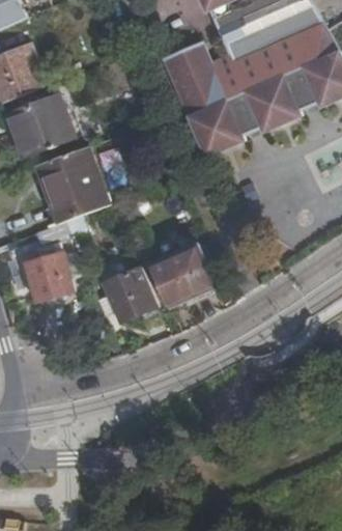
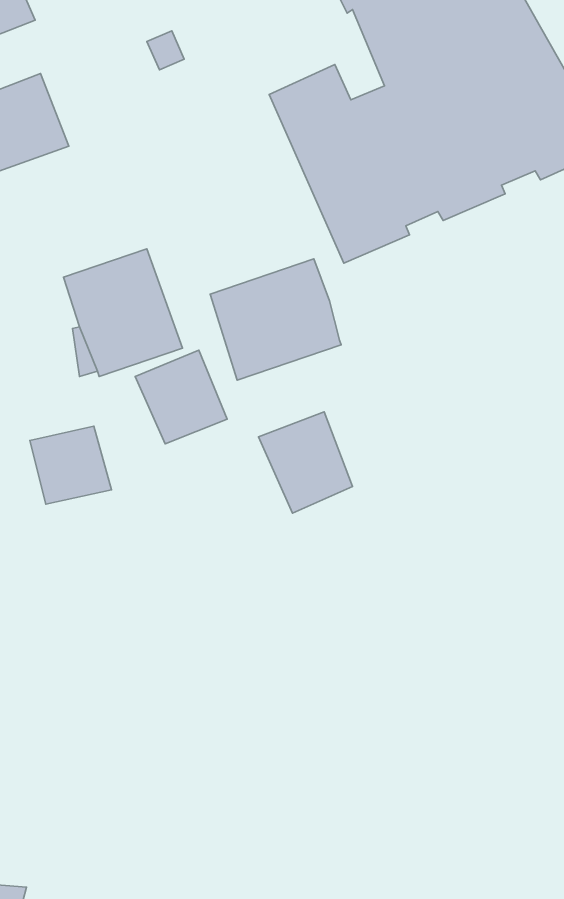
building: [9,95,81,156] -> none
building: none -> [210,259,341,380]
building: [97,266,151,320] -> [135,350,227,444]

